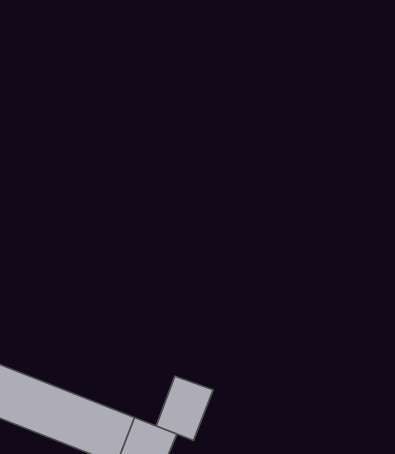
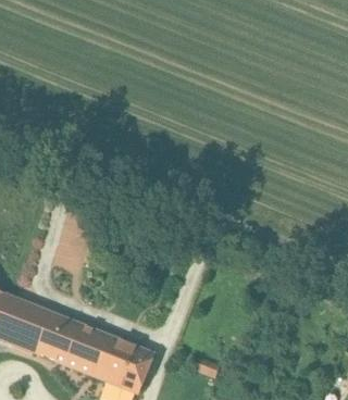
building: [156,376,213,441] -> none

